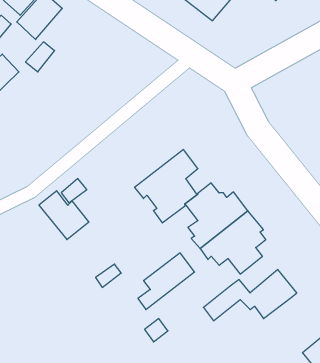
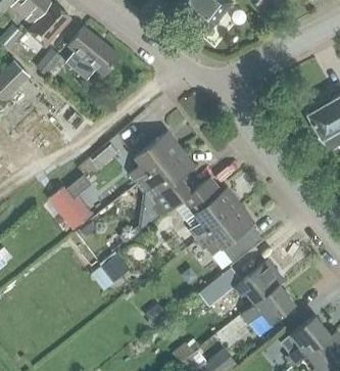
building: none -> [65,26,119,80]
building: [138,253,195,310] -> [129,131,181,183]
building: none -> [241,284,296,324]

